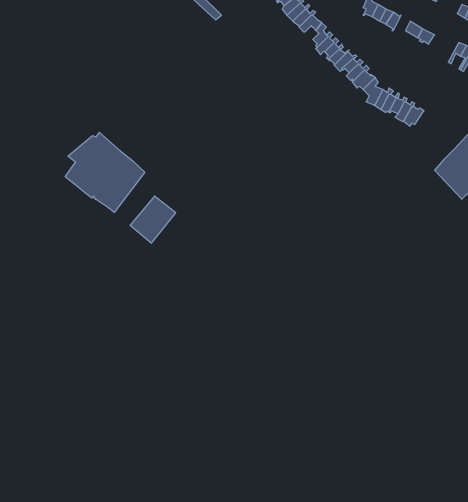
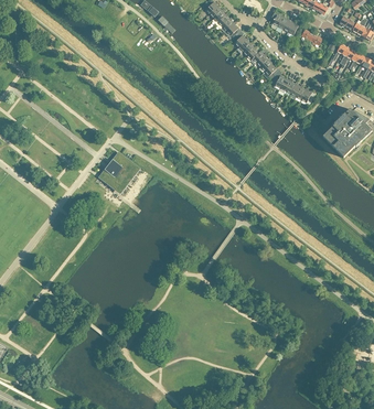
building: [65,132,145,212] -> none

